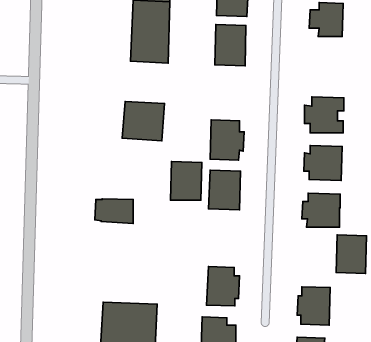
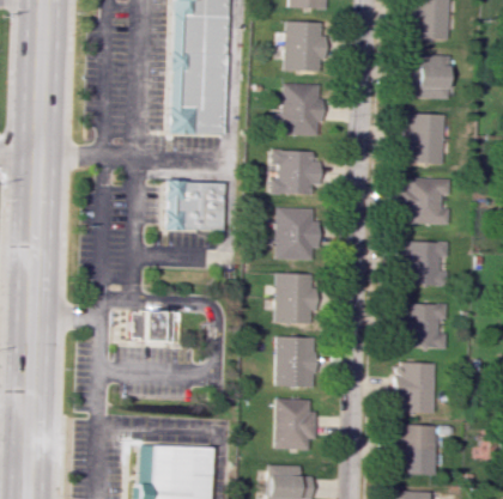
building: none -> [405,114,447,164]
building: none -> [273,150,325,194]
building: [171,162,202,200] -> [275,336,316,387]
building: [336,235,367,273] -> [395,363,435,413]

